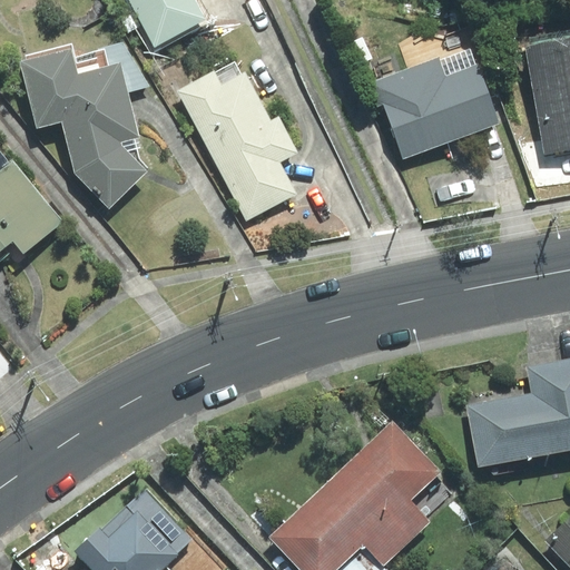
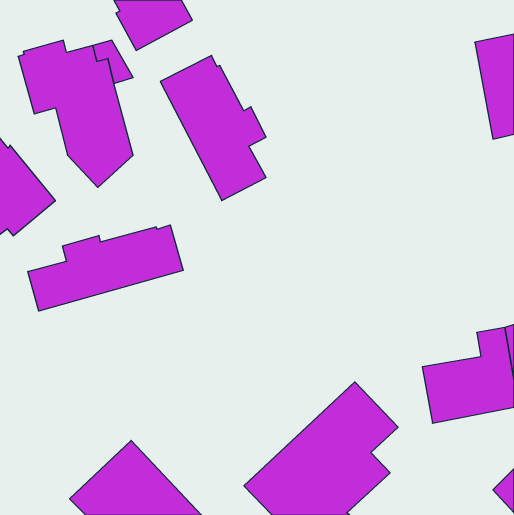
building: [368,48,498,158] -> none
building: none -> [28,225,183,311]

